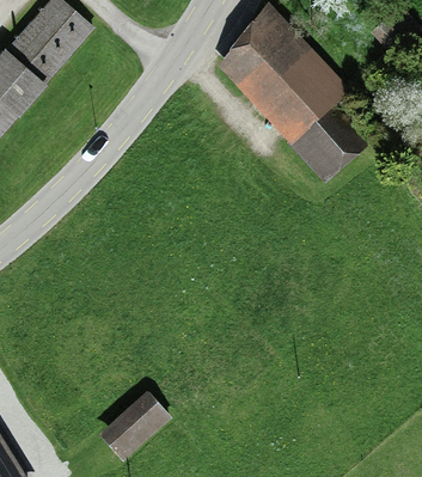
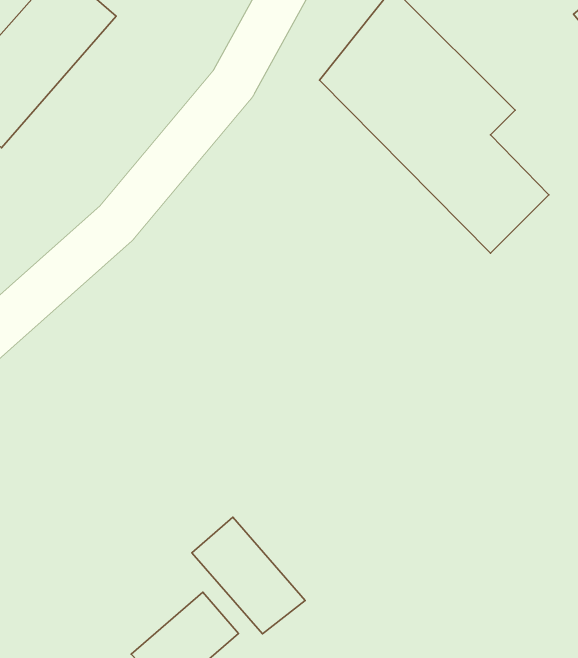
building: none -> [192,517,305,634]

